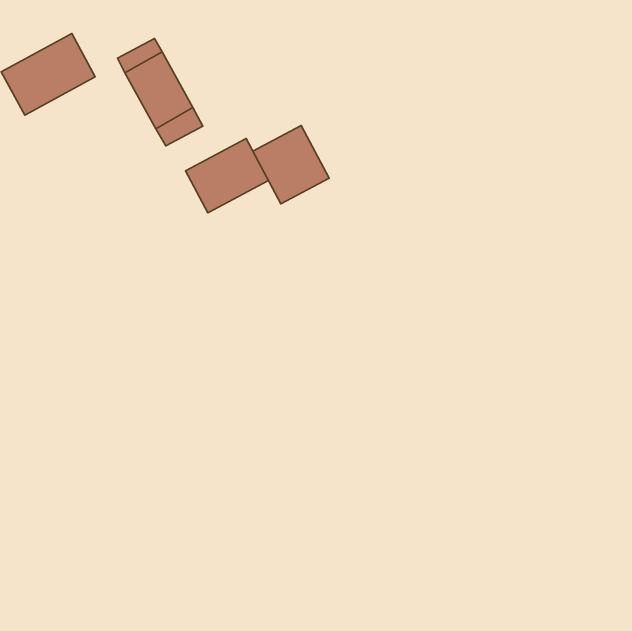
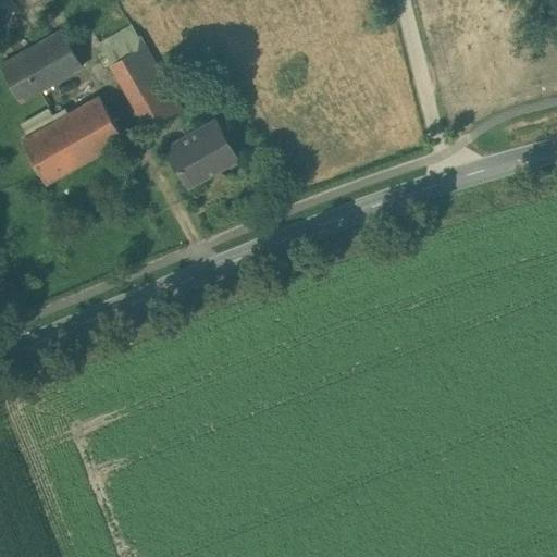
building: none -> [21,97,123,182]
building: [253,125,329,204] -> none

